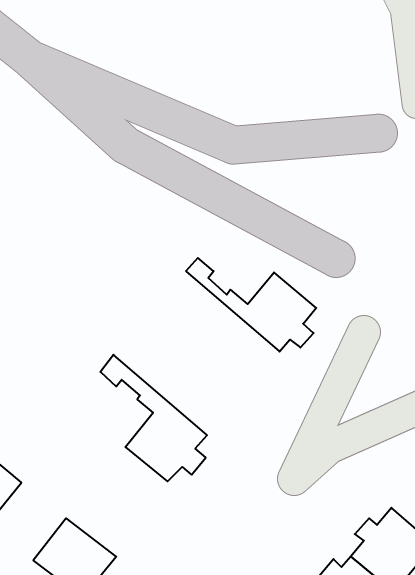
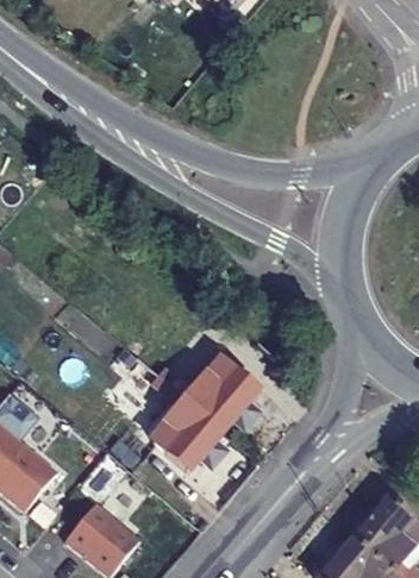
building: [186,258,316,352] -> [138,344,256,428]

